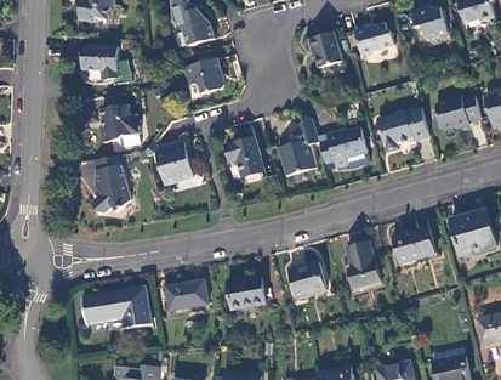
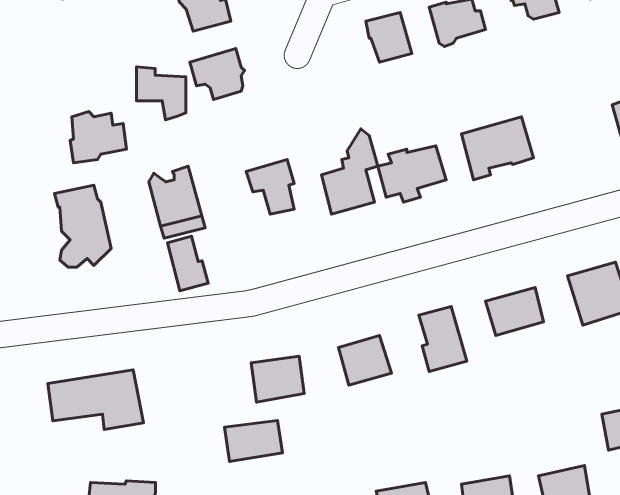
building: [82,46,118,84] -> [136,67,186,120]
building: [433,95,479,129] -> none
building: none -> [167,236,208,291]
building: [166,280,207,310] -> [224,420,283,461]

